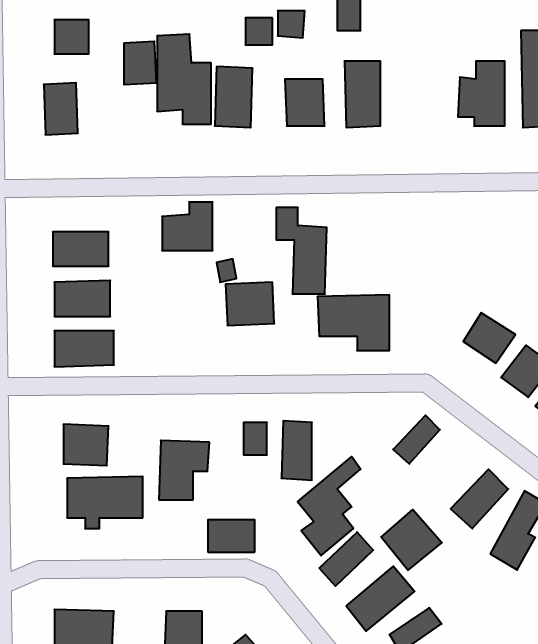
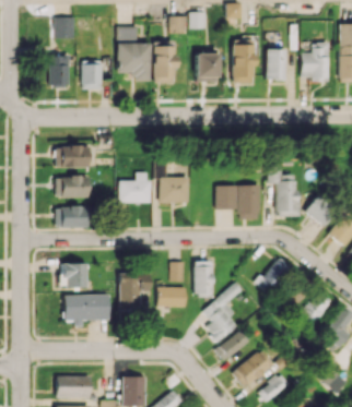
building: [124,41,156,85] -> [83,63,103,89]
building: none -> [267,49,285,80]
building: [162,202,213,251] -> [119,172,150,202]
building: [276,208,327,294] -> [266,164,296,216]
building: [381,510,442,570] -> none
building: [208,520,255,552] -> [157,287,186,307]

